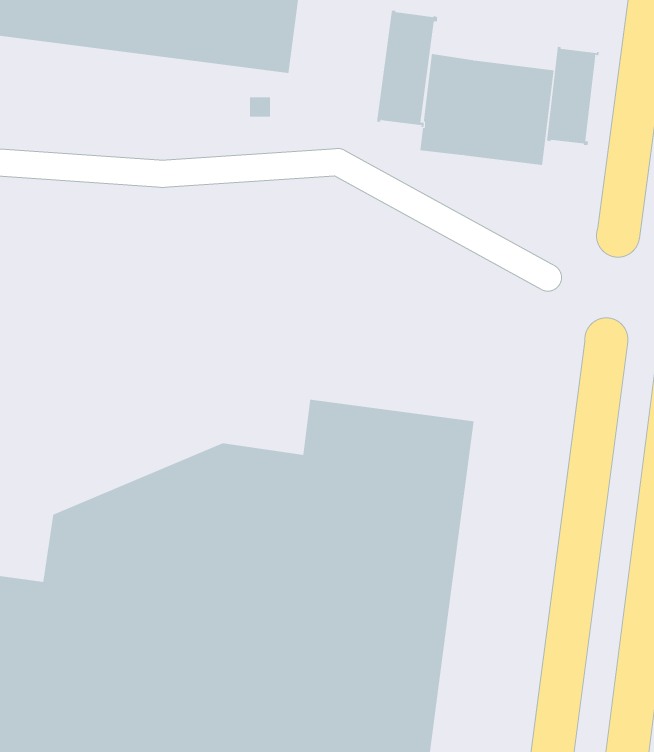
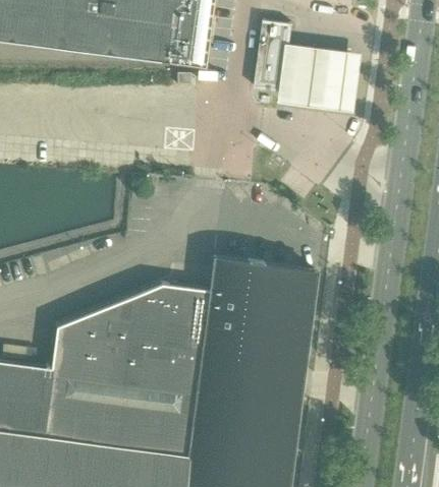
building: [547,46,600,146] -> none

